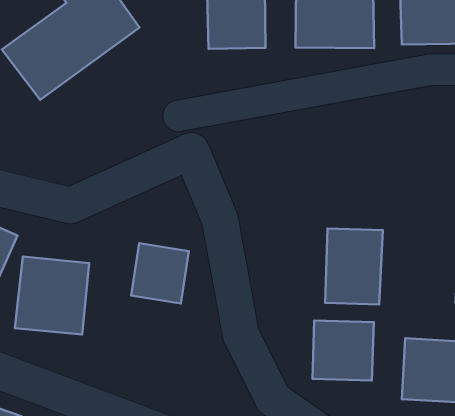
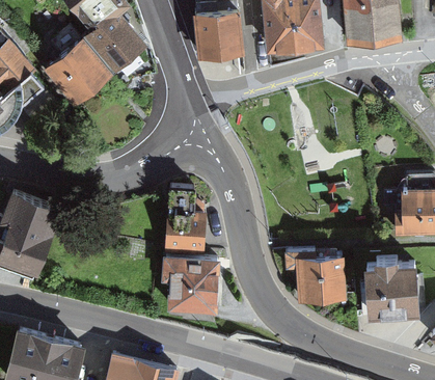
building: [325,228,383,305] -> none
building: [15,257,89,334] -> [161,262,214,318]

